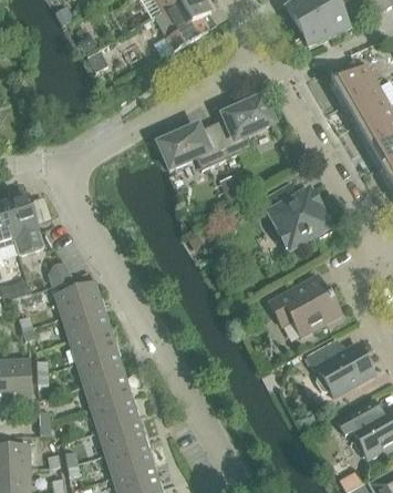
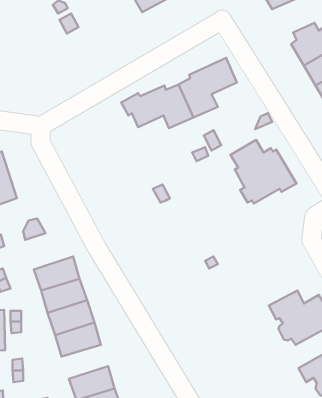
building: [268,274,341,336] -> none
building: [53,280,102,317] -> none
building: [90,396,138,431] -> none

